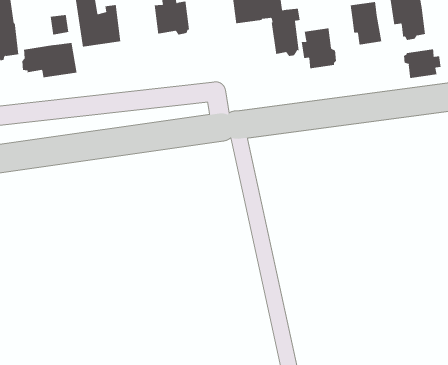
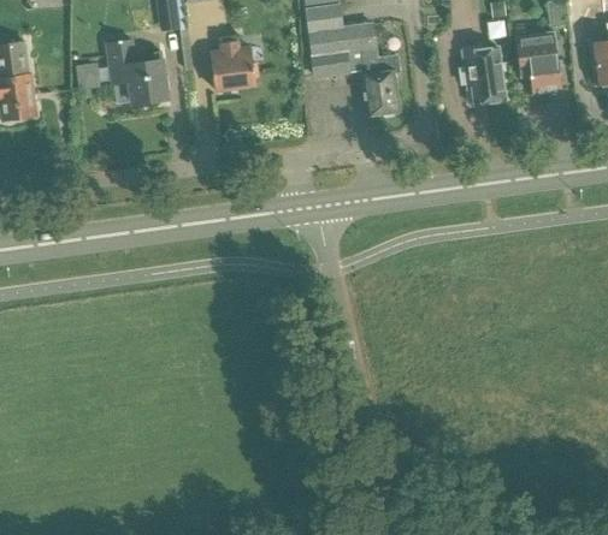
building: [301,27,337,69] -> none
building: [22,42,77,78] -> none
building: [404,48,441,79] -> none

